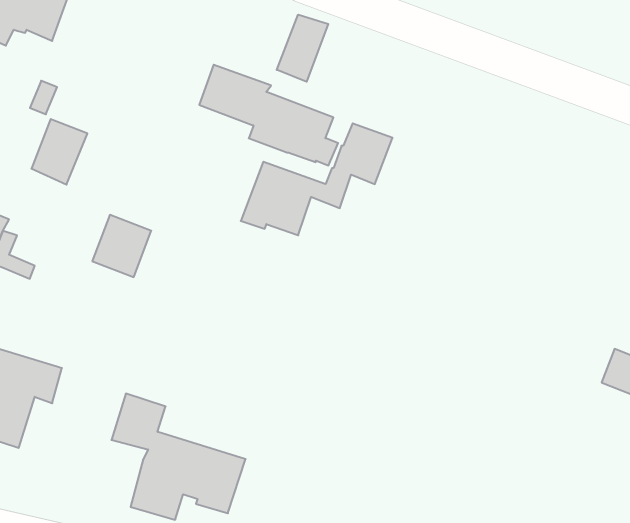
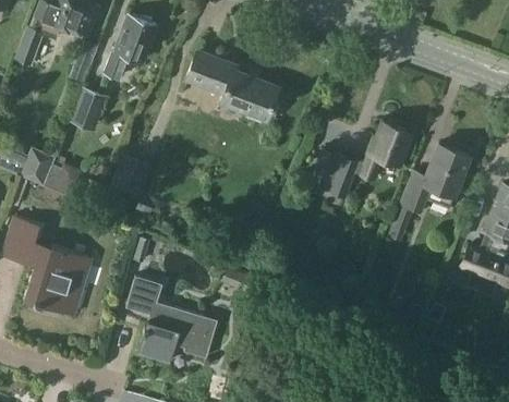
building: none -> [104,15,155,76]
building: [277,15,328,82] -> none
building: [241,123,393,235] -> [305,122,409,198]
building: none -> [390,144,468,230]

